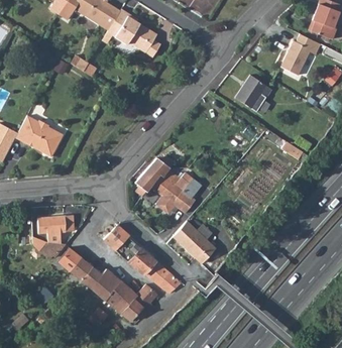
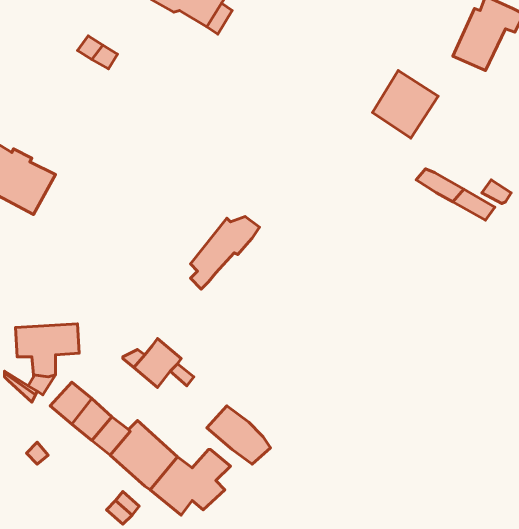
building: [149,169,201,215] -> none
building: [173,222,215,263] -> none
building: [126,246,155,273] -> none

